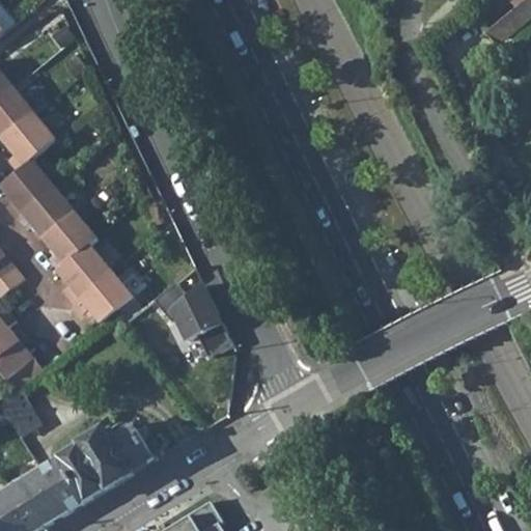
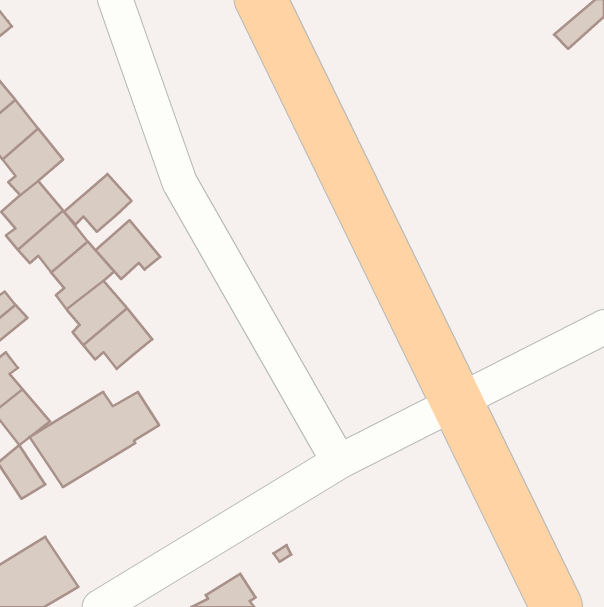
building: none -> [64,174,131,232]
building: none -> [96,220,160,279]
building: [151,283,230,359] -> none
building: [39,428,152,511] -> [29,392,159,487]

